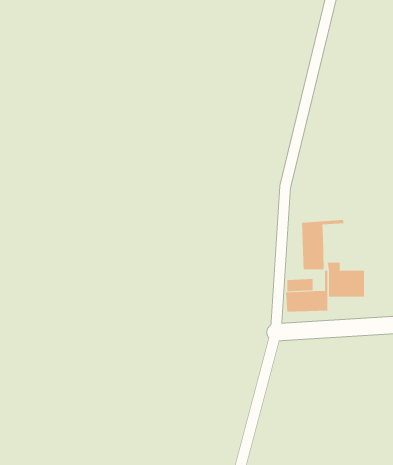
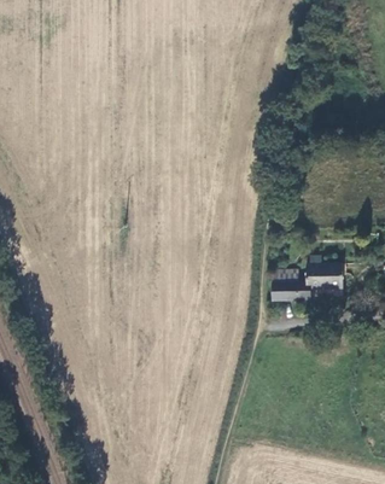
building: [302,219,344,270] -> none

